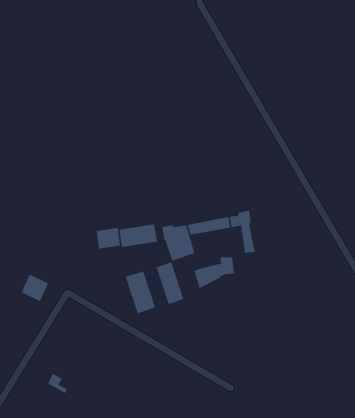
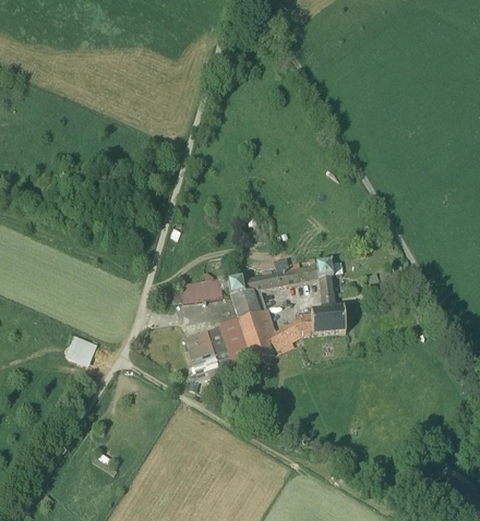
building: [96,227,121,249] -> none
building: none -> [309,307,346,334]
building: none -> [239,310,273,363]

